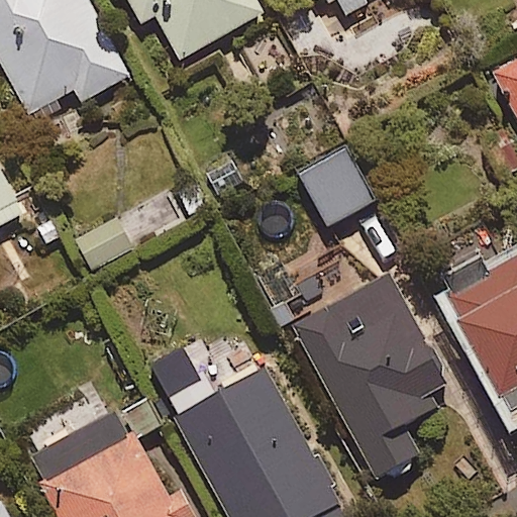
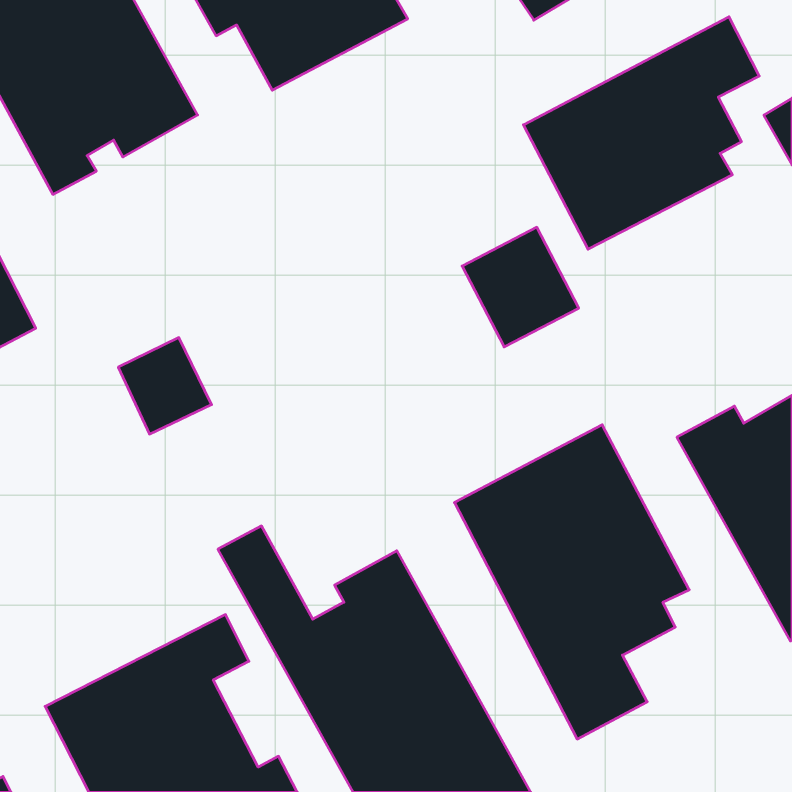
building: none -> [523,17,759,249]

